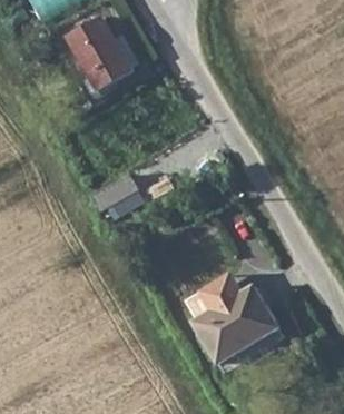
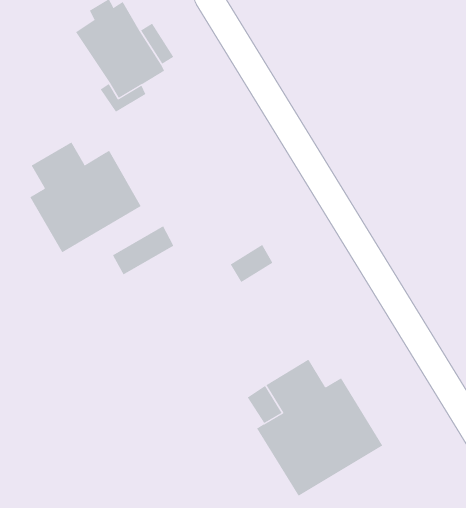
building: none -> [30,142,142,253]

